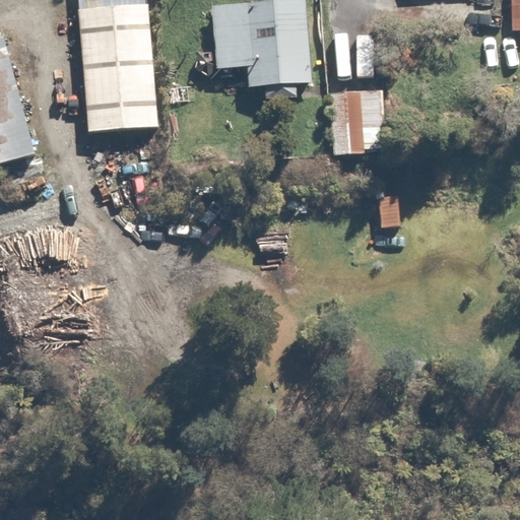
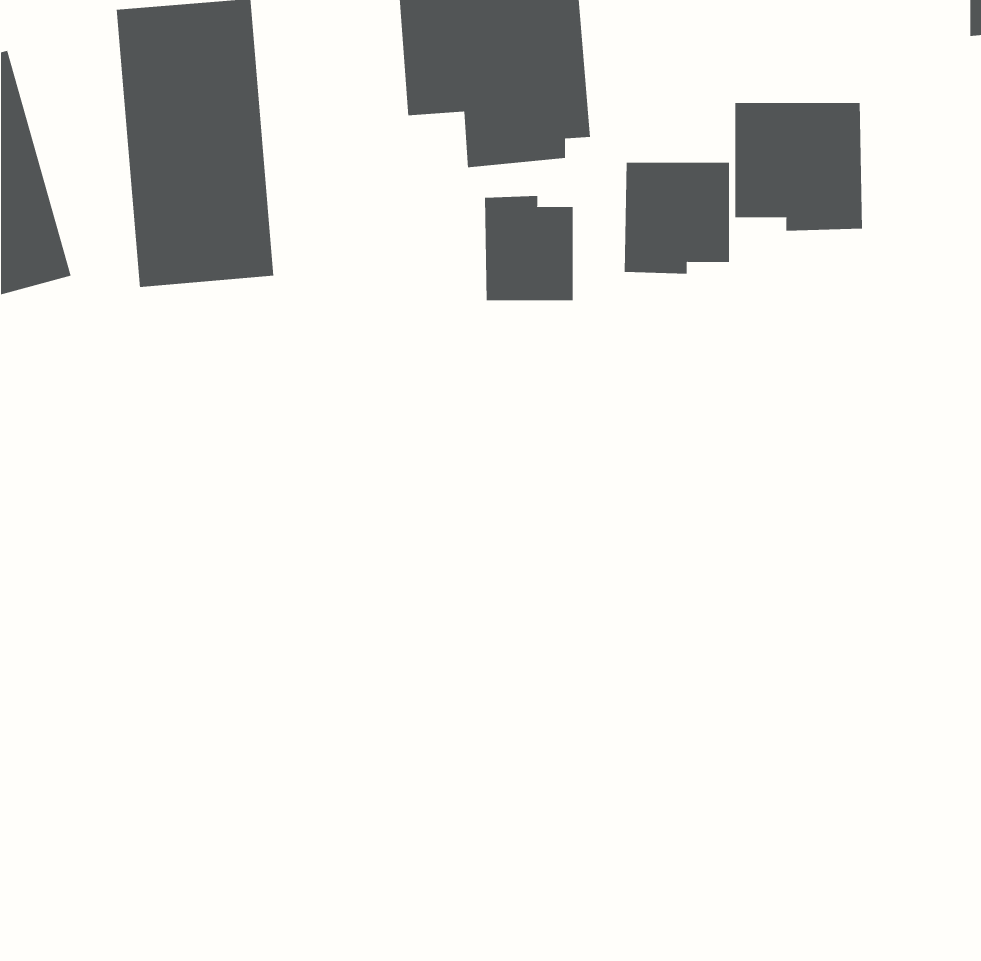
building: none -> [735,102,862,231]
building: none -> [484,195,573,301]

